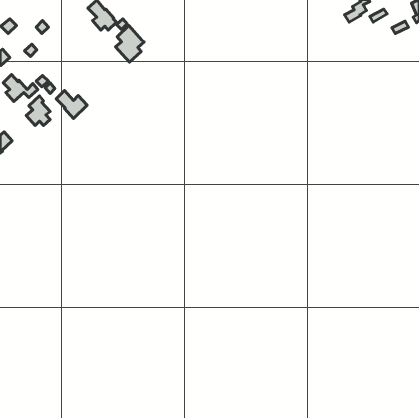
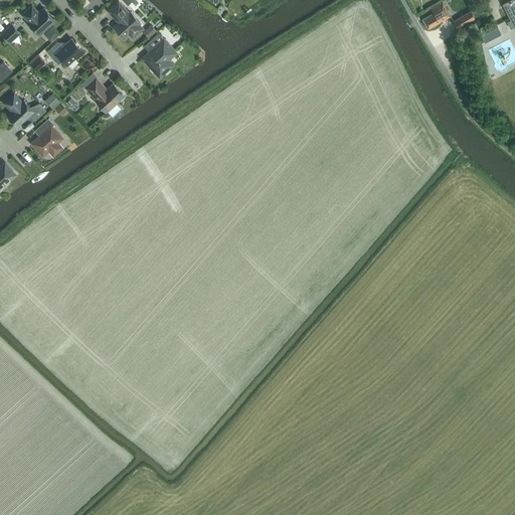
building: none -> [22,4,55,33]
building: none -> [47,37,84,63]
building: [56,91,87,118] -> [85,76,124,111]

